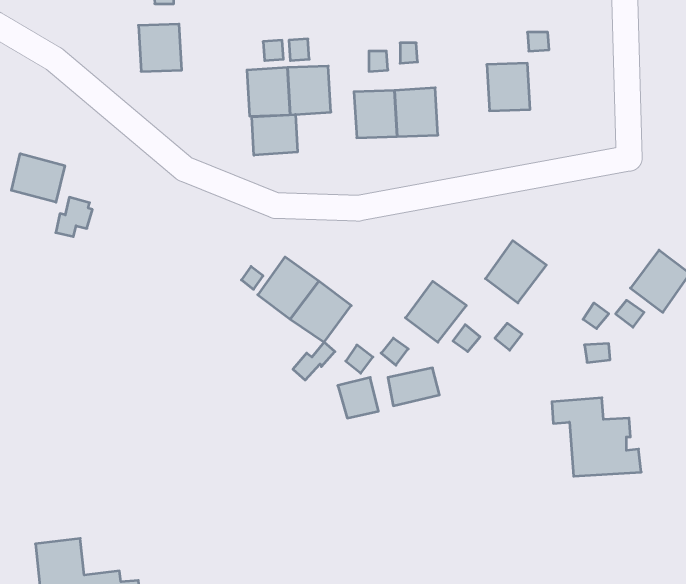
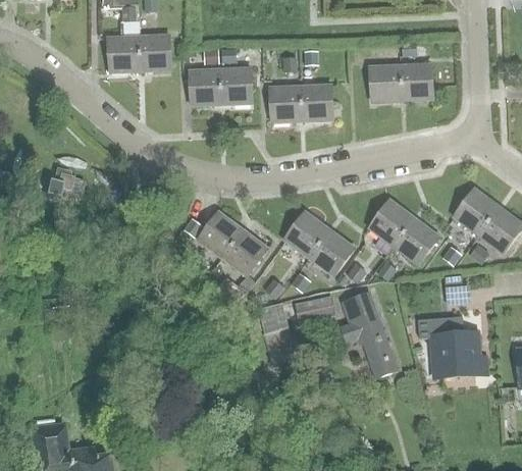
building: none -> [139,35,171,70]
building: none -> [401,63,433,100]
building: [252,114,297,155] -> none
building: [11,154,65,202] -> none
building: none -> [454,188,500,234]
building: none -> [284,211,329,257]
building: none -> [394,217,439,264]
building: none -> [342,293,398,377]

